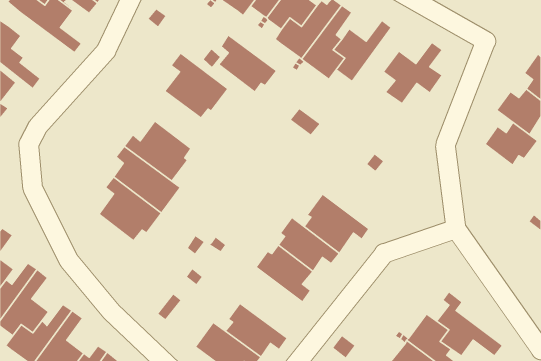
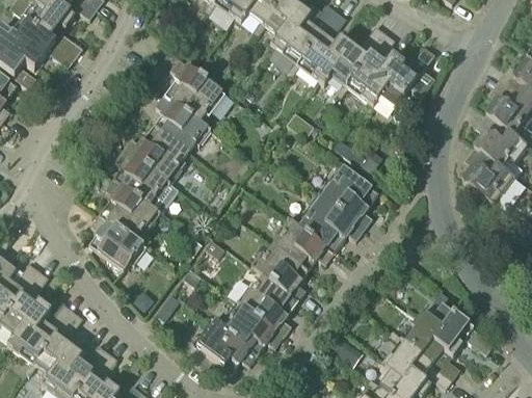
building: none -> [10,18,74,69]
building: none -> [346,32,394,105]
building: [219,35,277,92] -> [153,95,210,151]
building: none -> [463,147,515,204]
building: none -> [317,167,378,230]
building: none -> [87,215,143,271]
building: none -> [236,267,297,337]

